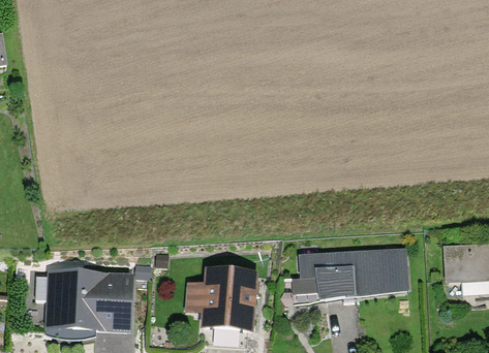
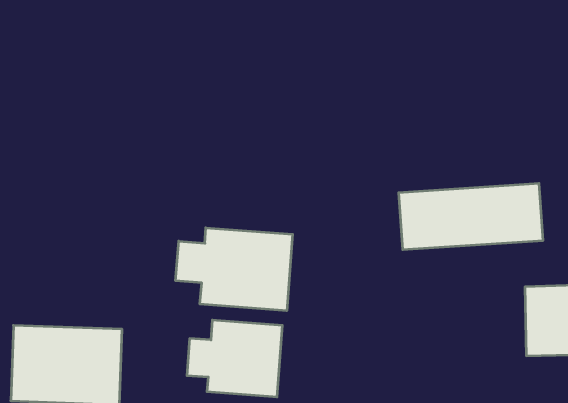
building: none -> [176,228,293,311]
building: [297,248,409,299] -> [399,183,543,250]

